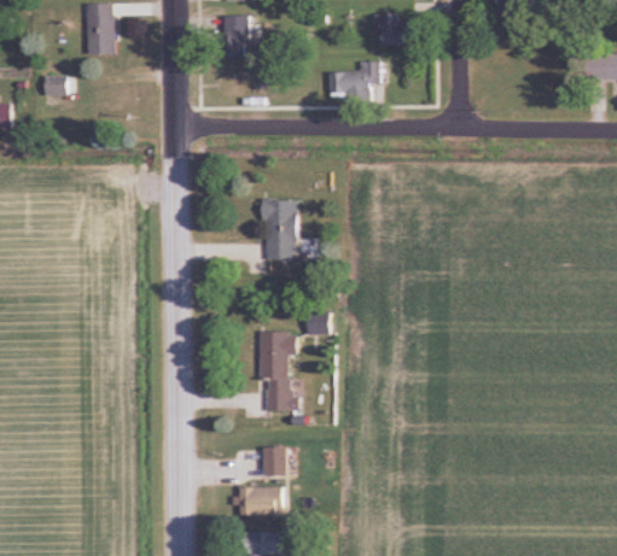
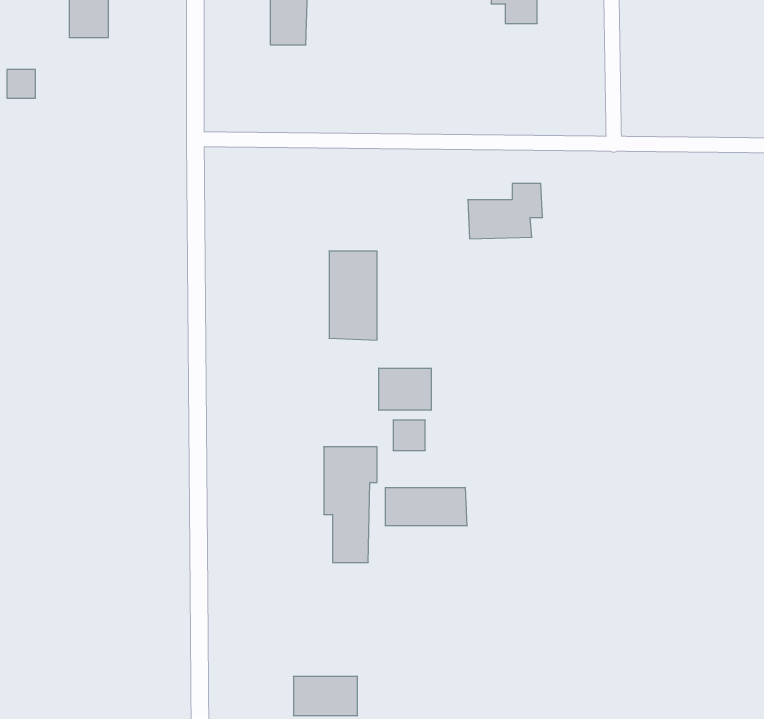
building: [328,62,379,99] -> [468,184,543,239]
building: none -> [379,368,431,410]
building: none -> [385,487,467,526]
building: [263,446,286,476] -> none

